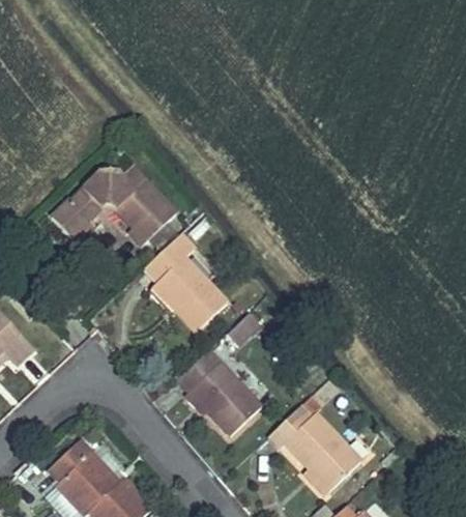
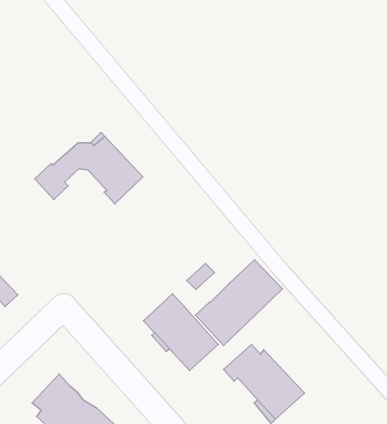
building: [145,232,227,332] -> none
building: none -> [196,260,282,345]

